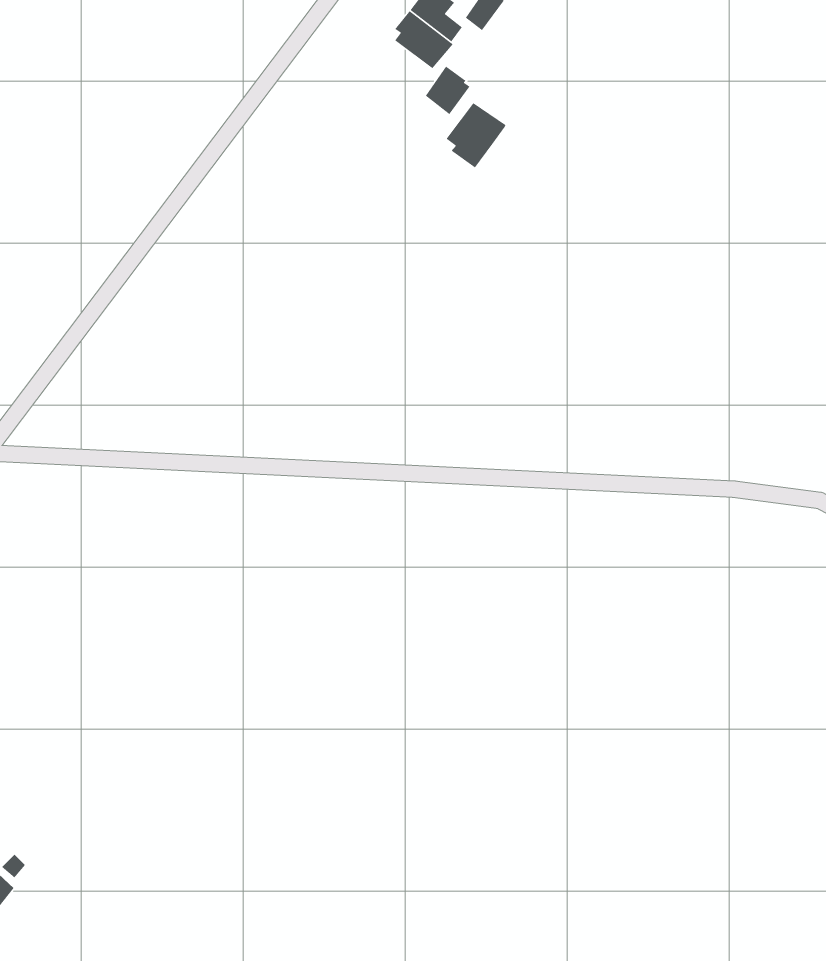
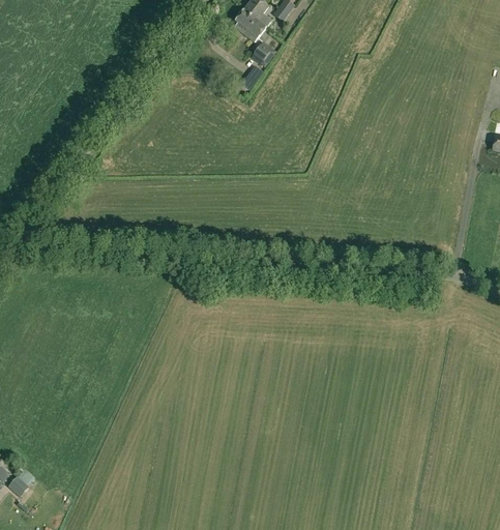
building: [445,102,507,168] -> none

